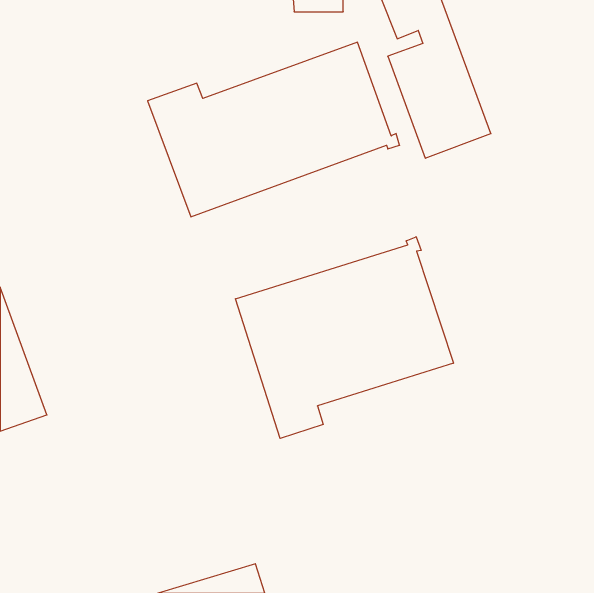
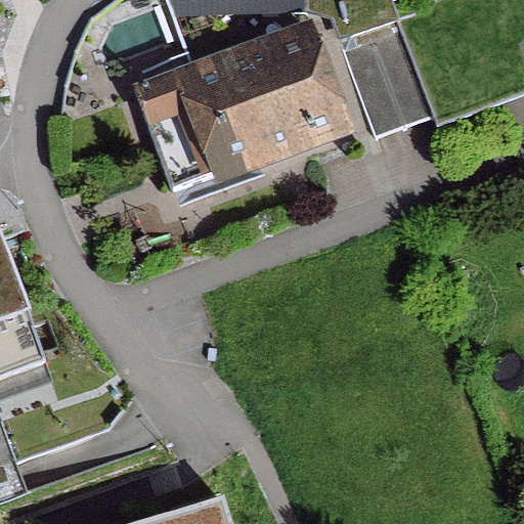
building: [235,237,453,438] -> none

